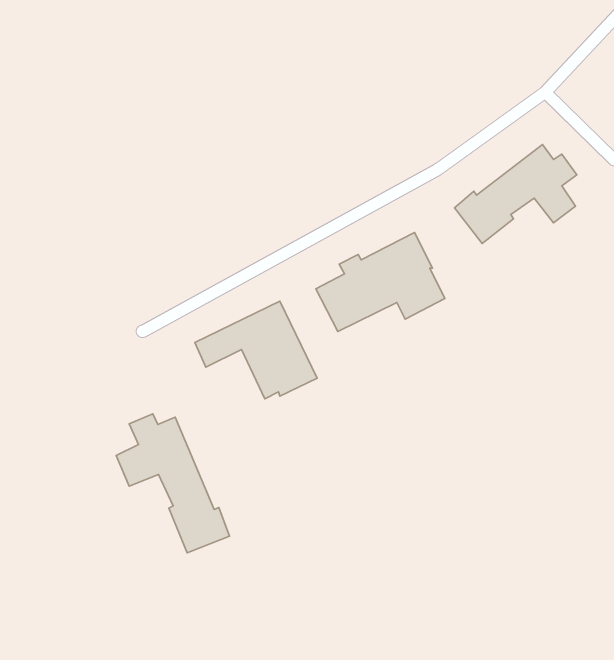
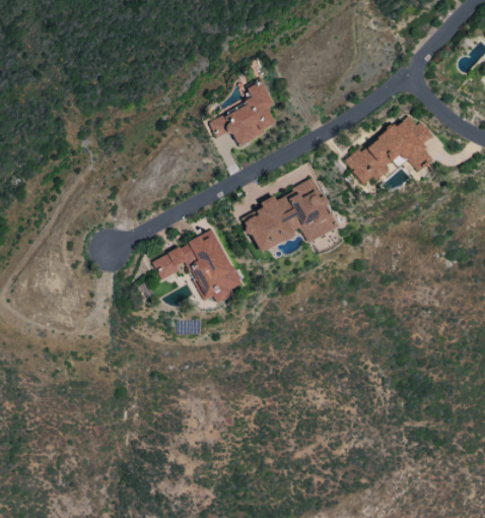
building: none -> [208,80,277,145]
building: [116,414,229,553] -> none

